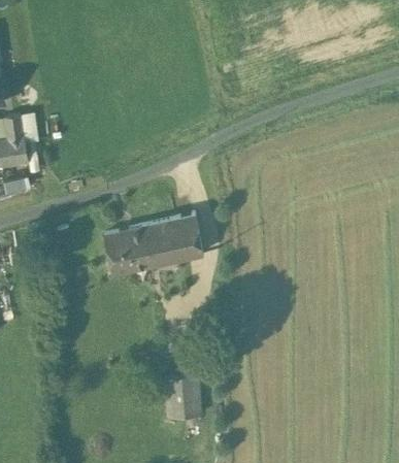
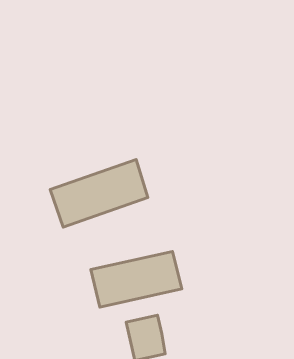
building: none -> [91,251,182,307]

